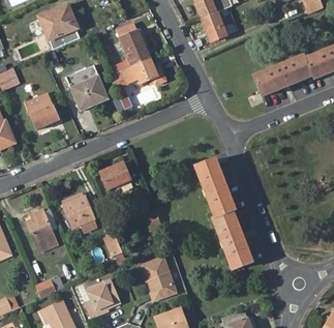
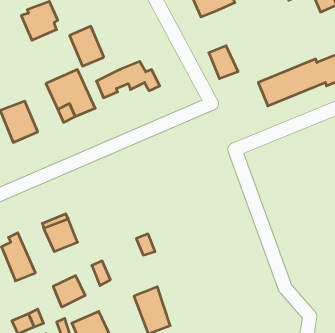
building: [202,12,227,41] -> [209,46,238,79]
building: [119,30,149,65] -> [70,26,104,66]
building: [194,157,252,271] -> none
building: [100,162,130,188] -> none
building: none -> [53,276,85,307]

